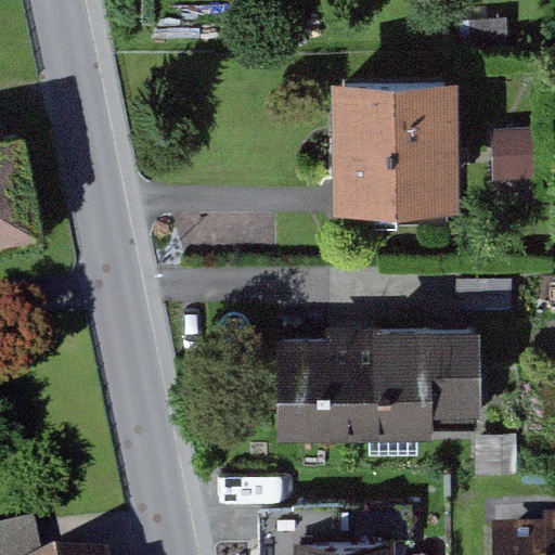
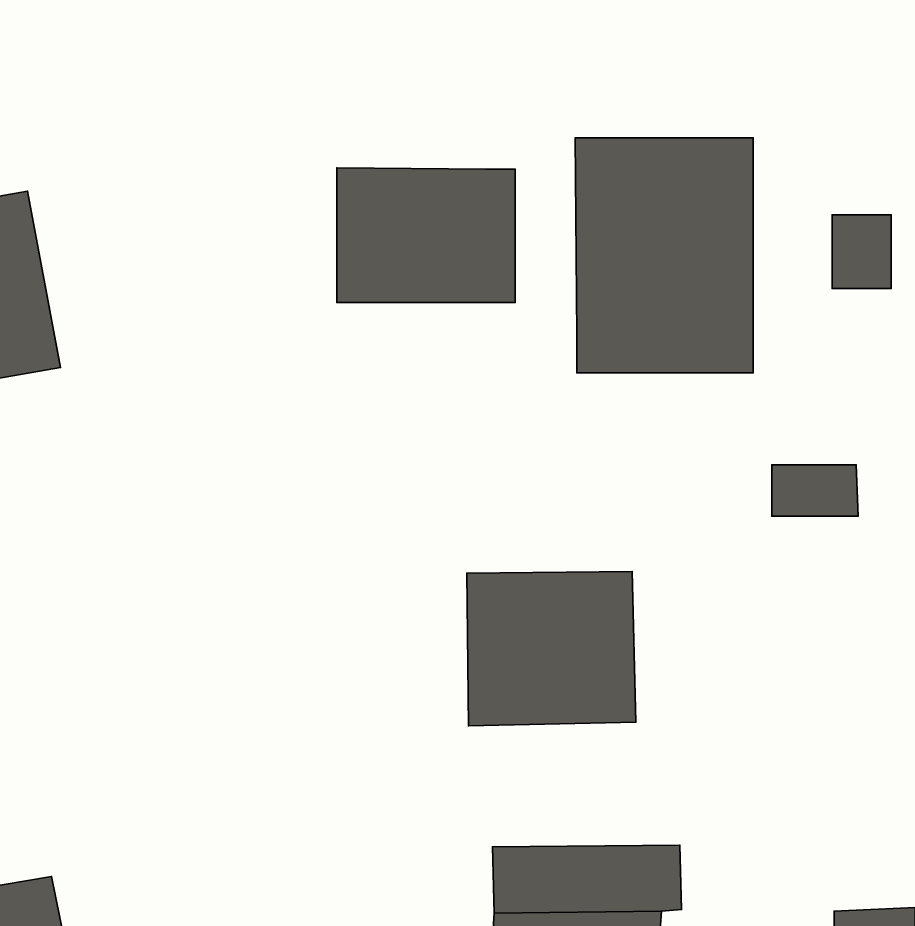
building: none -> [337,168,515,302]
building: [373,330,477,434] -> none

